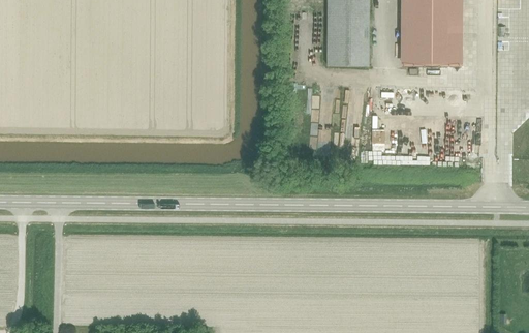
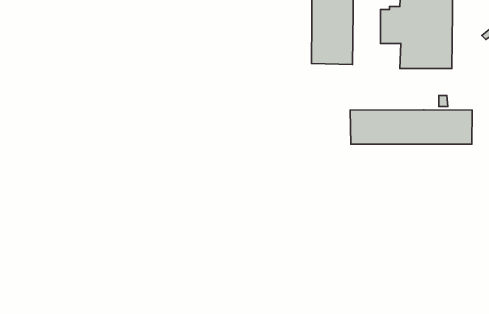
building: none -> [350,110,472,144]

